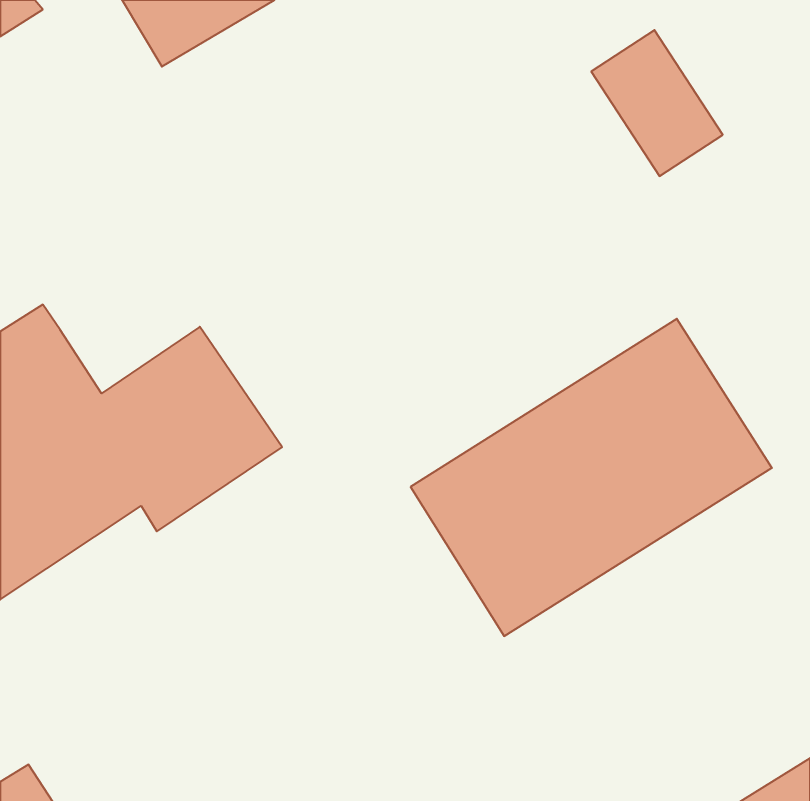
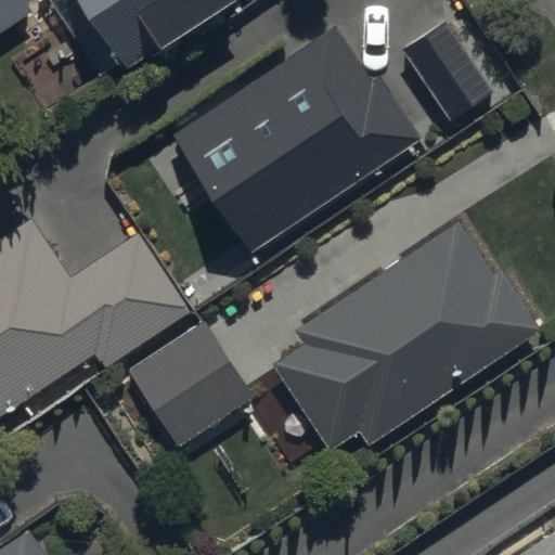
building: none -> [181,40,406,248]
building: none -> [130,323,255,449]

